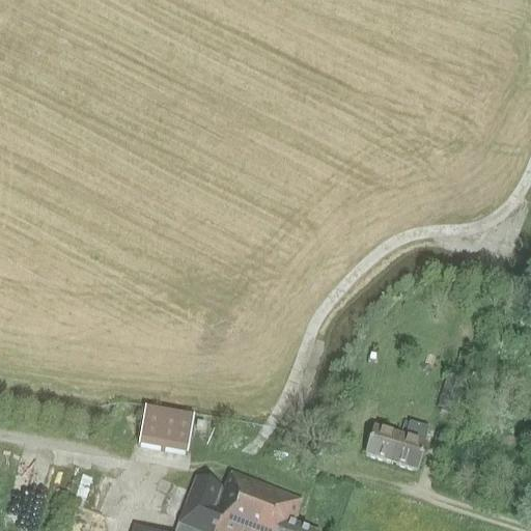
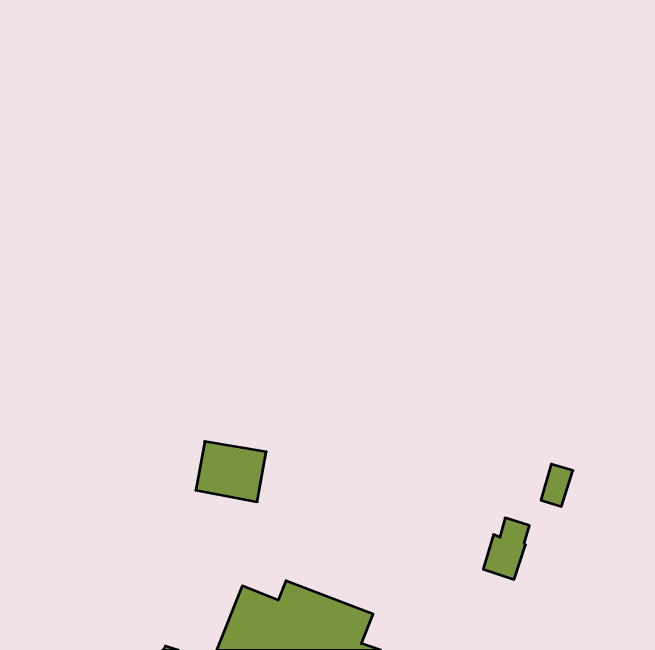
building: [137,404,194,453] -> [196,441,266,502]
building: [365,410,399,460] -> none

